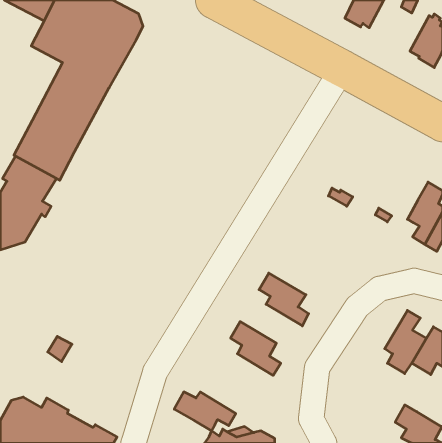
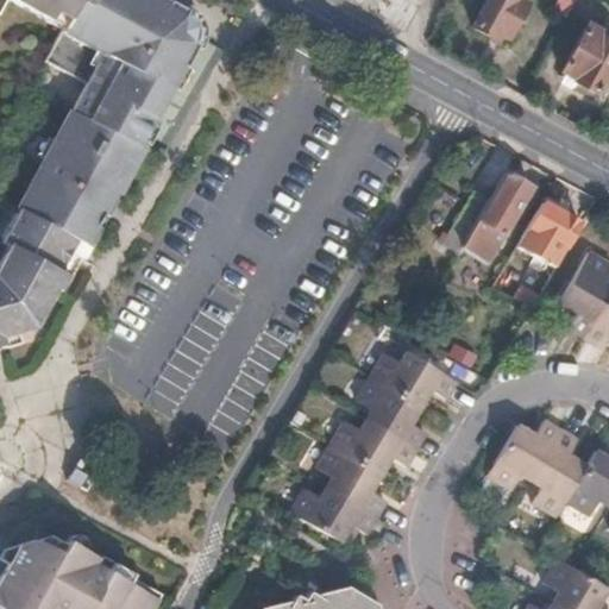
building: none -> [445,170,536,259]
building: none -> [523,193,582,259]
building: none -> [370,350,457,404]
building: none -> [331,417,416,471]
building: none -> [489,417,560,486]
building: [174,392,236,431] -> [291,485,376,539]

